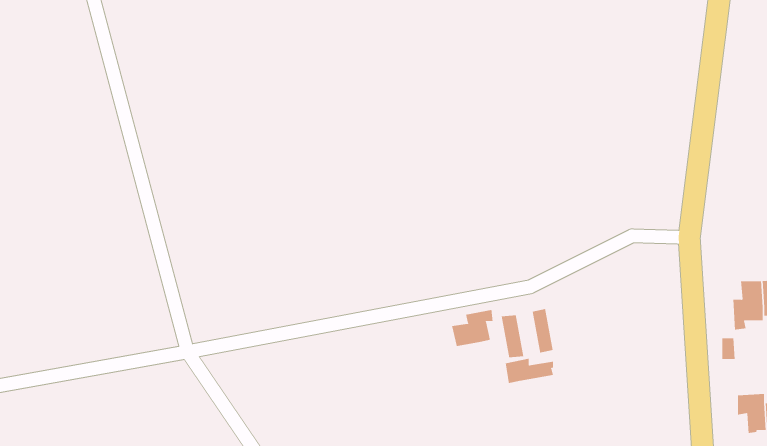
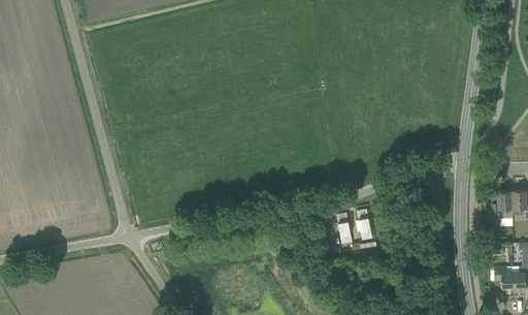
building: [452,309,493,347] -> none
building: [505,358,554,384] -> none

